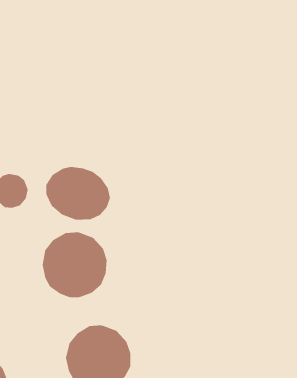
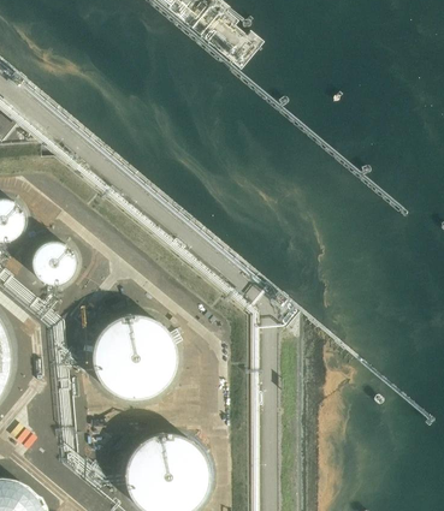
building: [46,166,110,220] -> none

